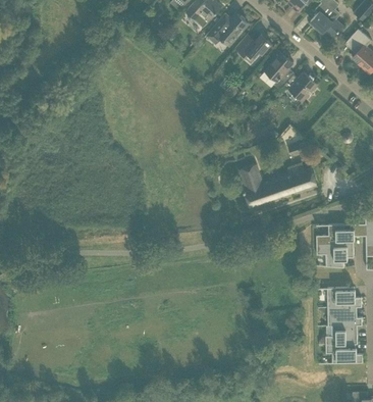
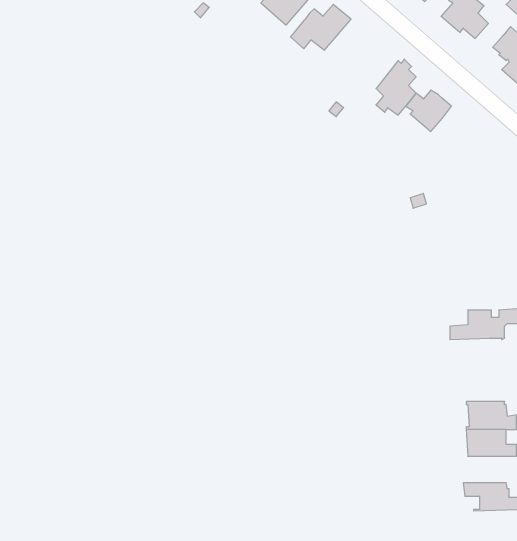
building: [233,34,270,58] -> none
building: [238,164,316,209] -> none
building: [315,244,353,267] -> none
building: [324,325,357,344] -> none

